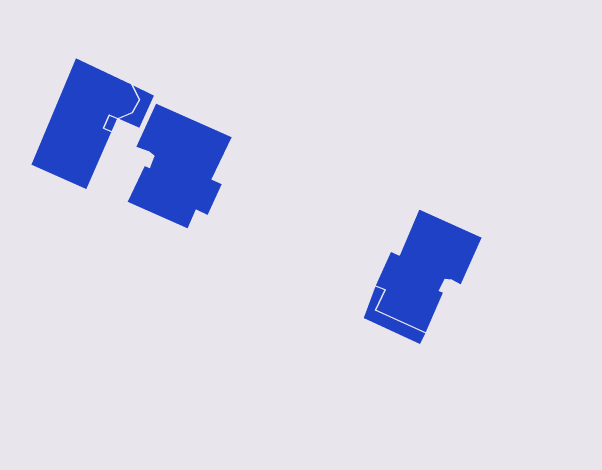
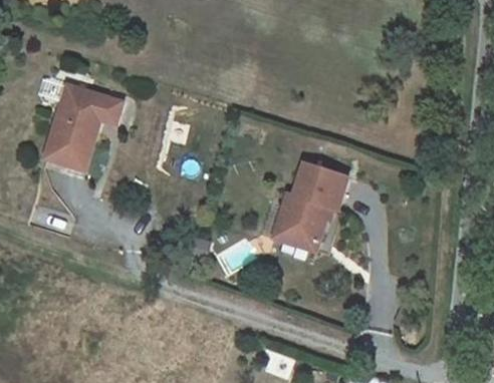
building: [127,103,232,229] -> none

